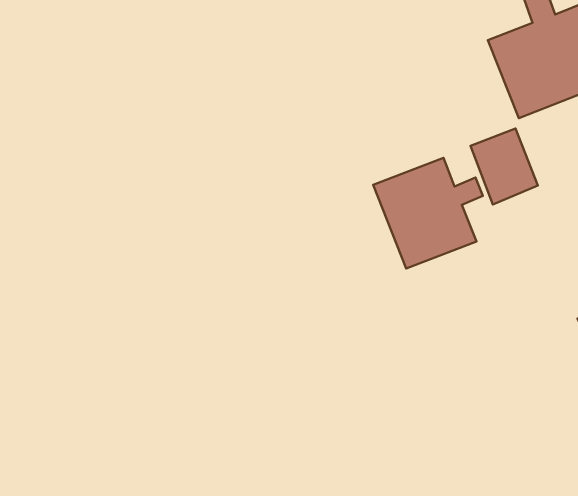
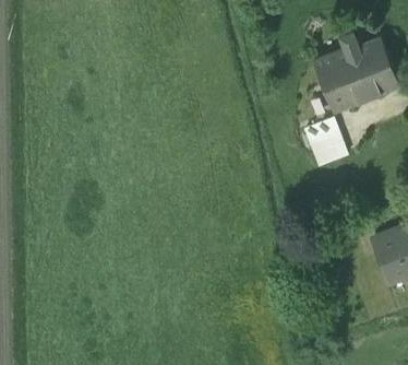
building: [373,158,483,269] -> none

